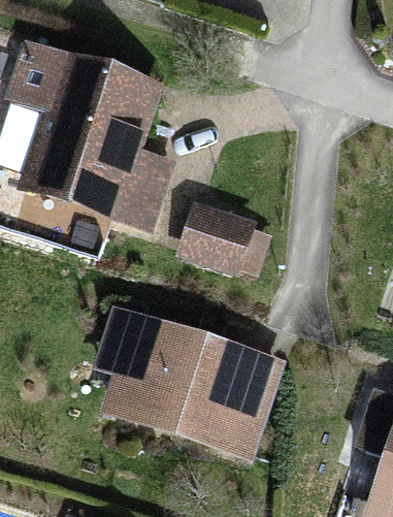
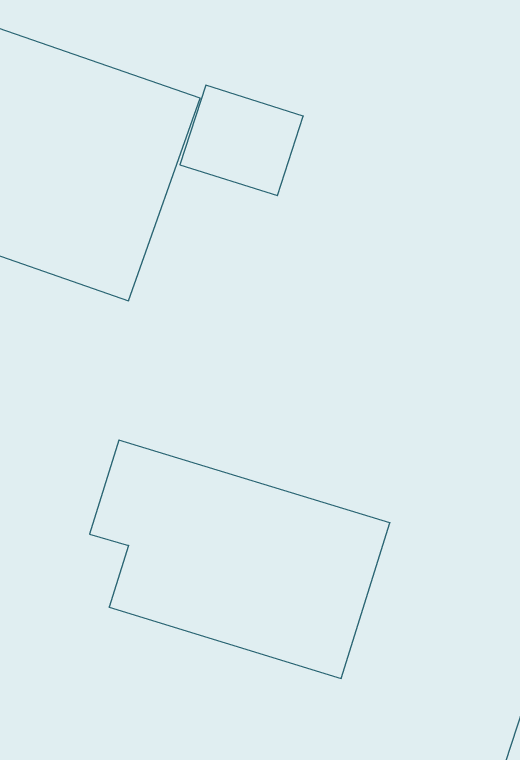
building: [179,201,258,271] -> [180,85,303,196]

